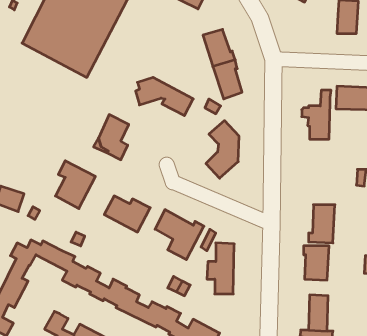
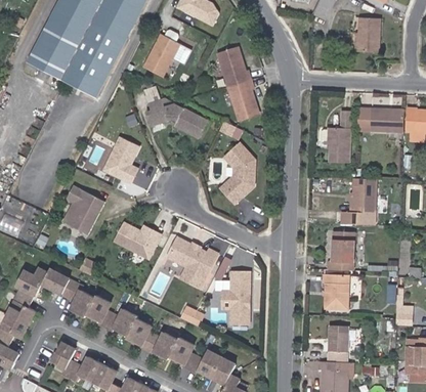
building: none -> [143,29,191,77]
building: none -> [342,178,376,224]

